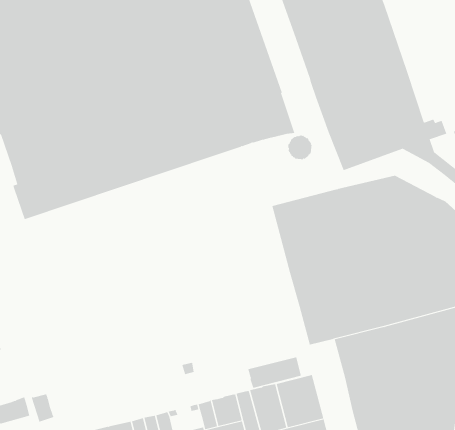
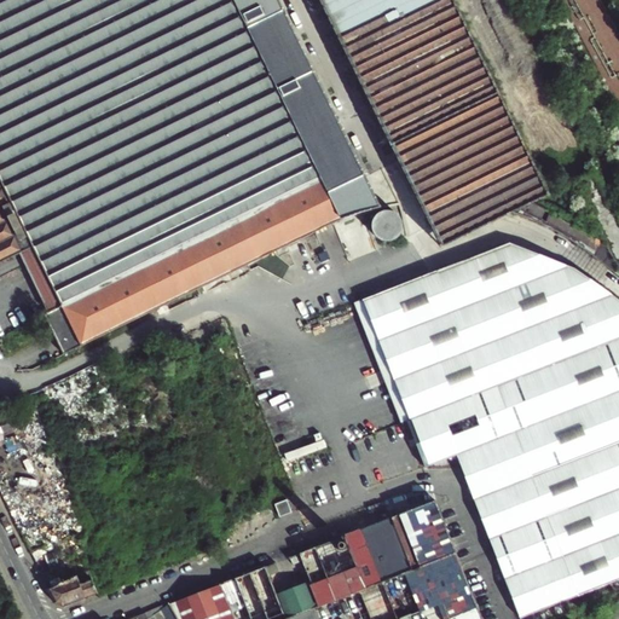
building: [247,357,301,389] -> none
building: [31,393,54,422] -> none

